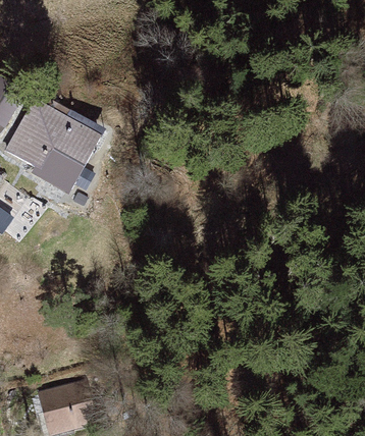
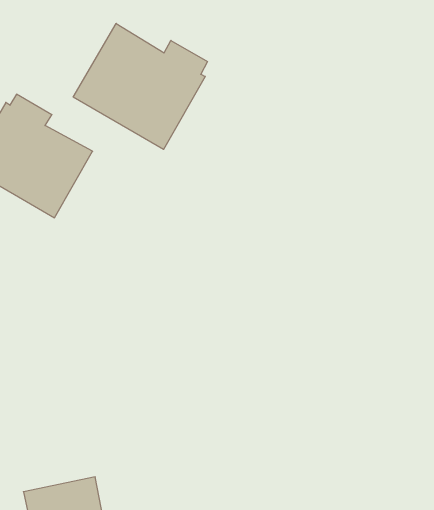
building: none -> [73,23,207,149]

